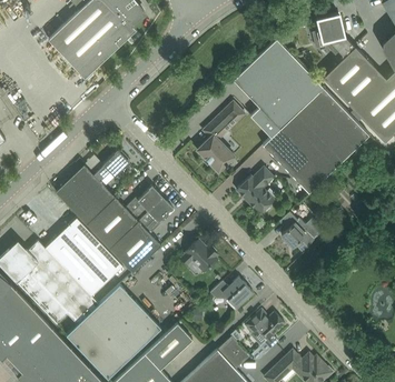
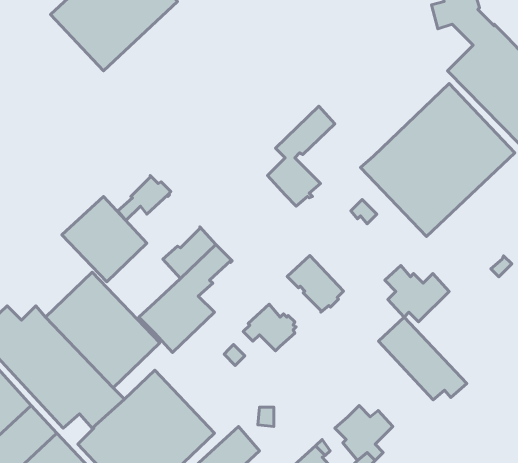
building: [233,39,323,137] -> none
building: [235,175,274,214] -> [287,256,343,312]
building: [86,197,137,248] -> none
building: none -> [378,317,467,400]
building: [209,278,253,308] -> none

